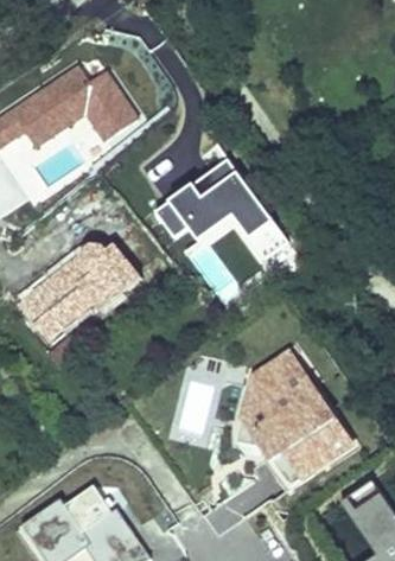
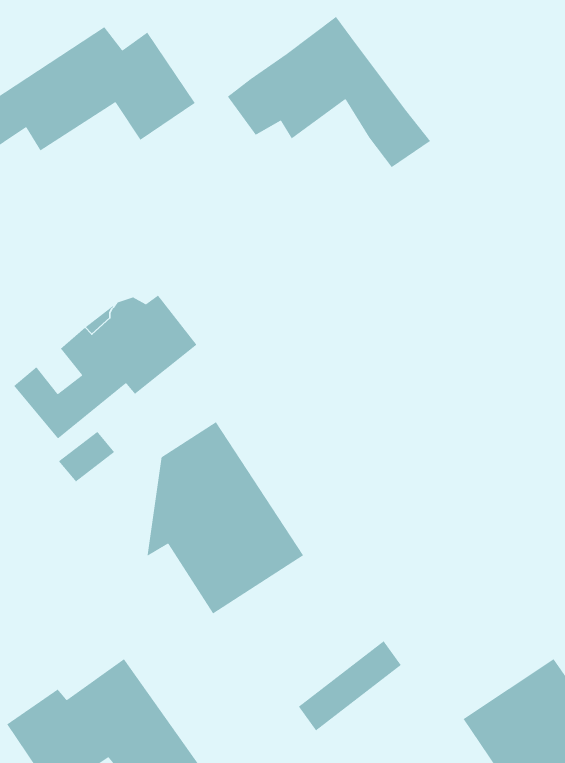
building: [158,159,293,260] -> [227,16,431,168]
building: [231,352,336,480] -> [147,421,304,614]

